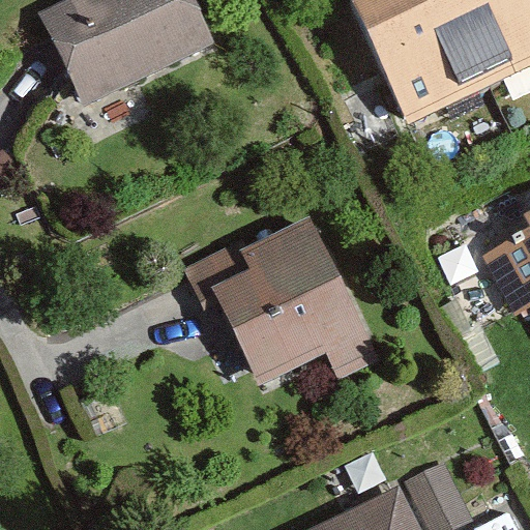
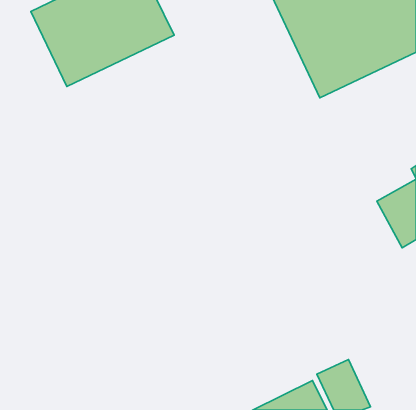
building: [182,216,381,386] -> none

